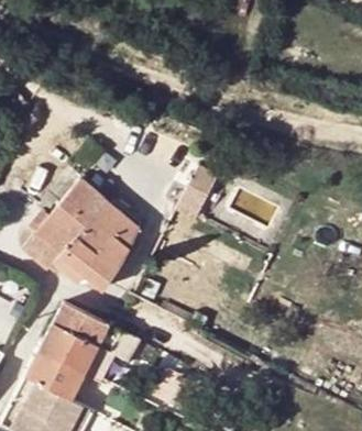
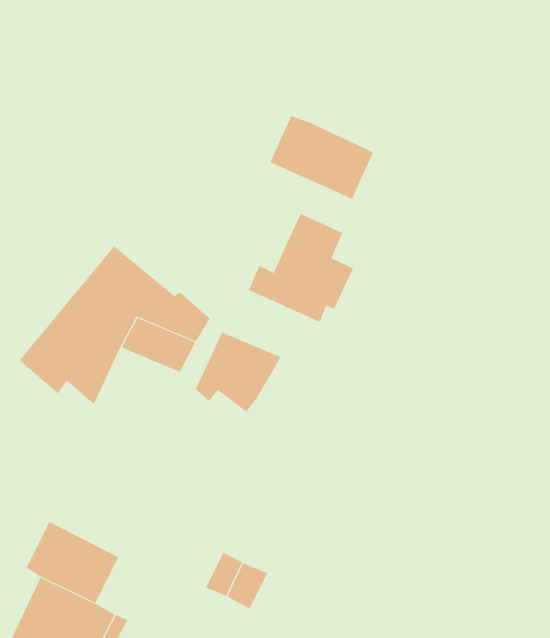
building: none -> [270,115,374,199]
building: [69,241,122,290] -> [195,332,281,412]
building: [42,302,108,369] -> none

